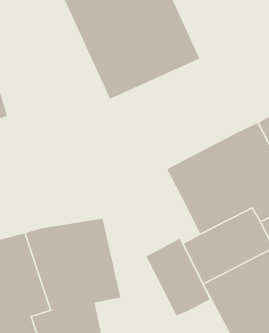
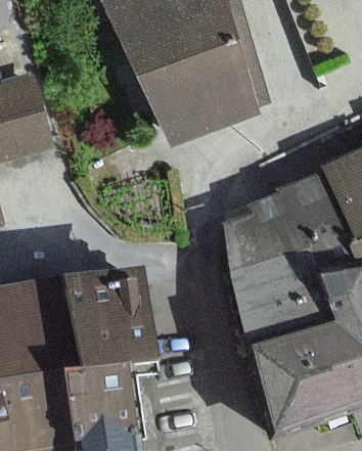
building: [145,238,211,317] -> none

